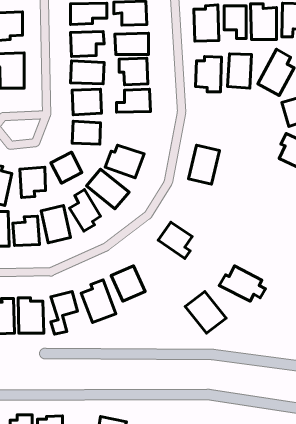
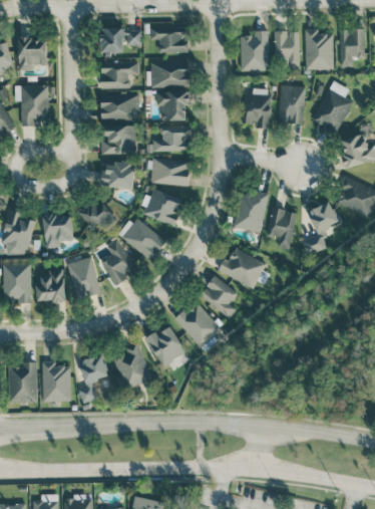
building: none -> [150,159,189,185]
building: none -> [303,202,338,255]
building: none -> [267,208,296,249]
building: [219,266,265,301] -> [218,248,270,288]
building: [185,291,226,333] -> [174,300,221,347]

